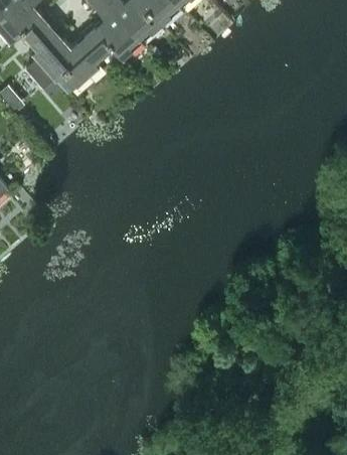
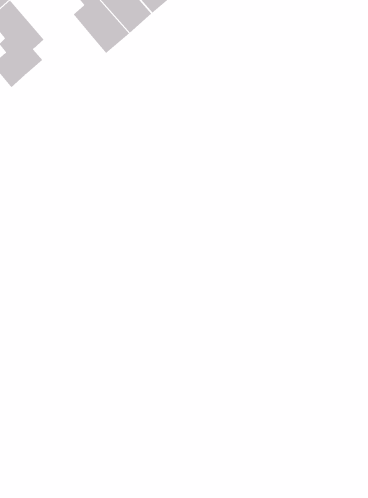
building: [54,25,112,92] -> none

